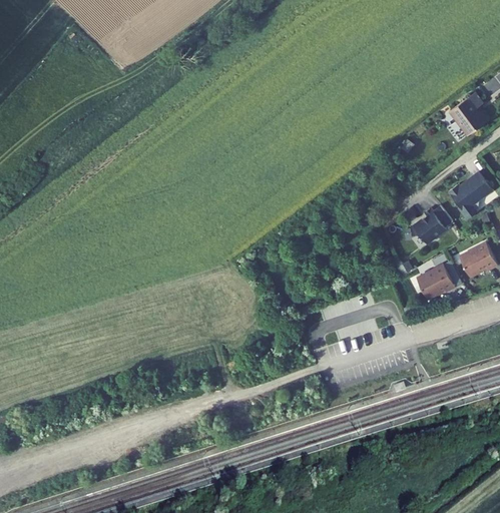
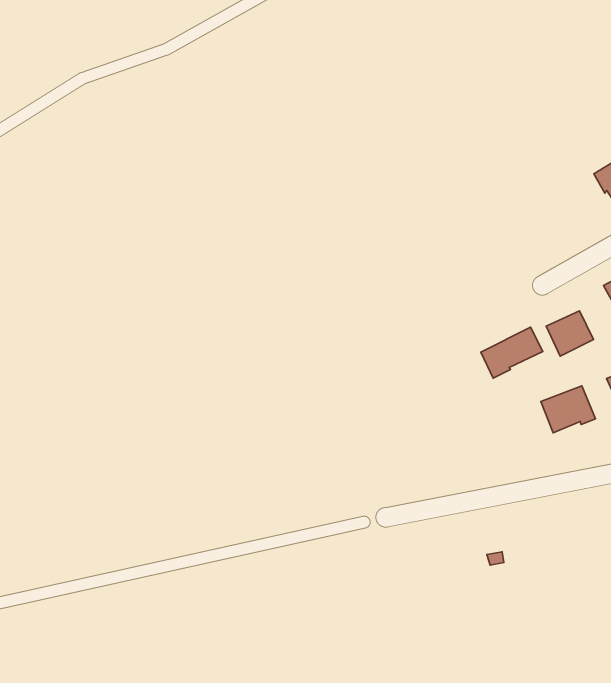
building: none -> [481,327,543,378]

